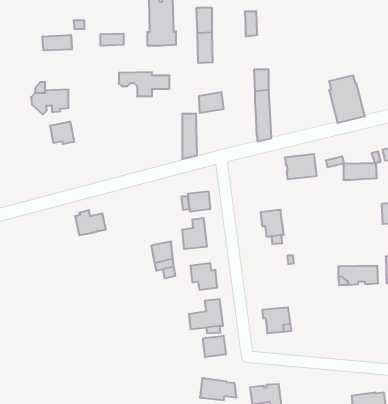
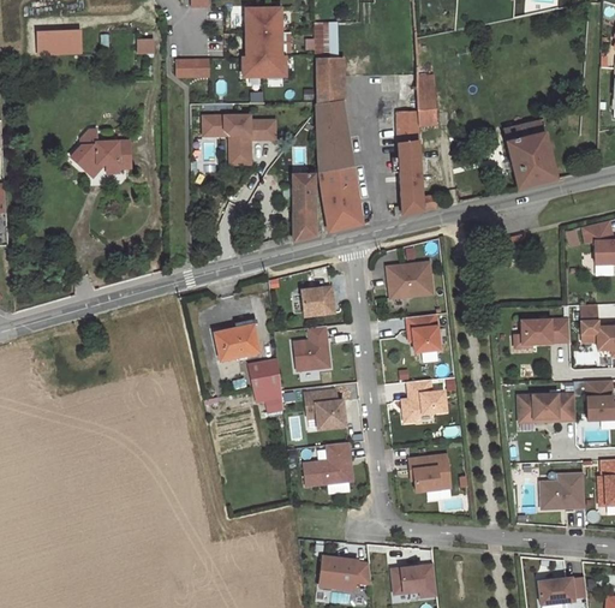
building: [245,11,257,36] -> [417,90,435,126]
building: [42,35,72,50] -> [37,32,80,54]
building: none -> [316,101,350,150]
building: none -> [318,168,362,232]
building: [50,122,74,144] -> none
building: [285,154,317,179] -> [387,262,432,298]
building: [343,163,377,180] -> [521,320,569,344]
building: [75,210,106,235] -> [214,324,258,360]
building: none -> [401,380,446,423]
building: none -> [539,473,584,508]
building: [203,336,226,357] -> none

